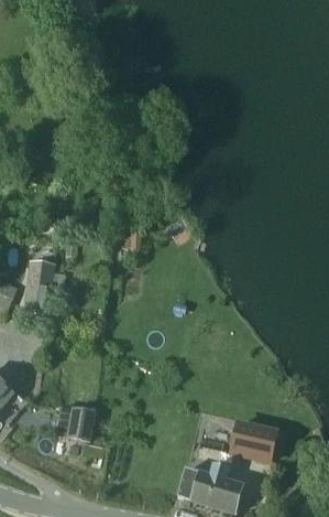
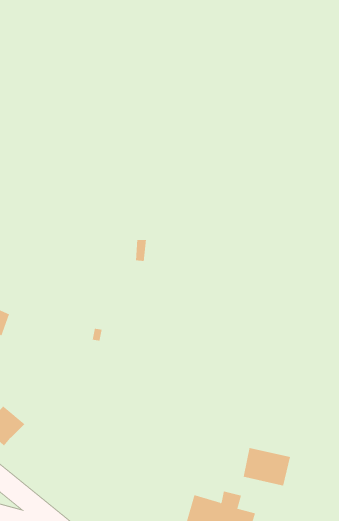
building: [25,274,51,314] -> none
building: [66,406,96,440] -> none

